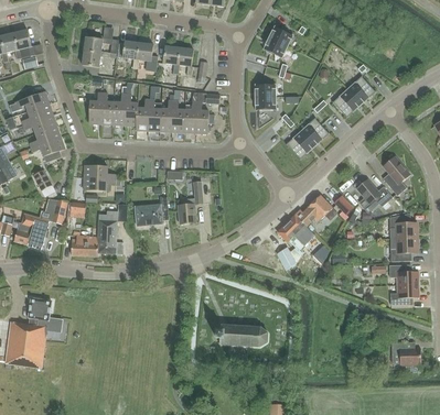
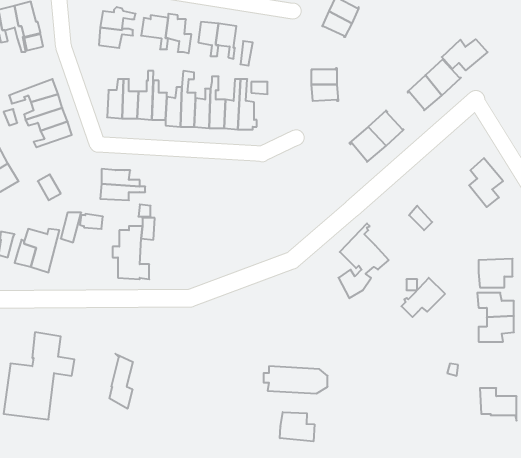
building: none -> [442,39,488,70]
building: [31,136,64,162] -> none
building: [356,178,391,208] -> none
building: [178,181,202,222] -> none
building: [297,194,332,226] -> [401,278,445,317]
building: [133,195,168,225] -> none
building: [388,212,417,238] -> none
building: [71,234,97,254] -> none
building: none -> [109,354,133,409]
building: none -> [280,412,314,441]

